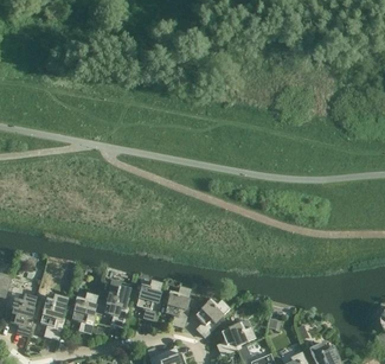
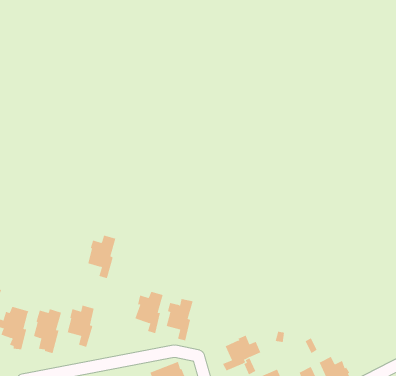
building: [103,286,130,327] -> [87,235,116,279]
building: [194,298,230,337] -> none

